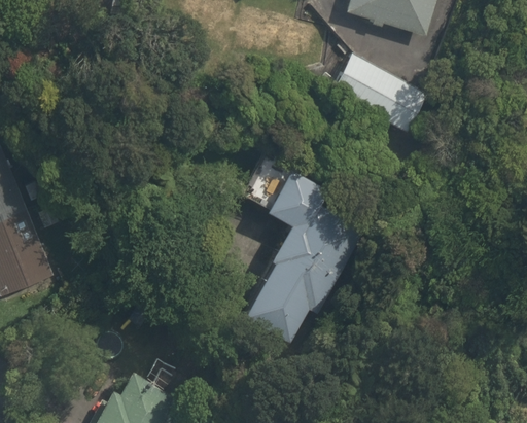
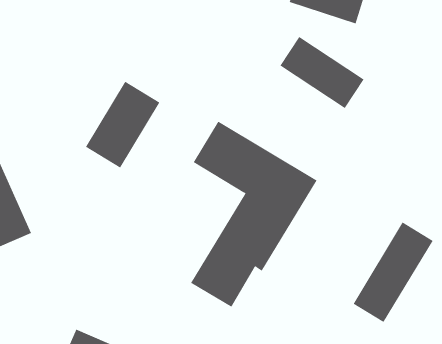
building: none -> [85,81,160,168]
building: none -> [353,222,433,323]

